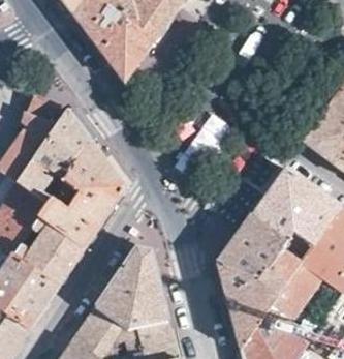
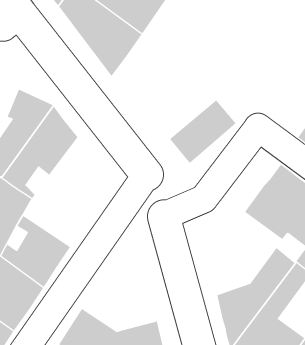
building: [38,141,125,247] -> none
building: [217,213,289,294] -> none
building: [95,247,168,329] -> none

